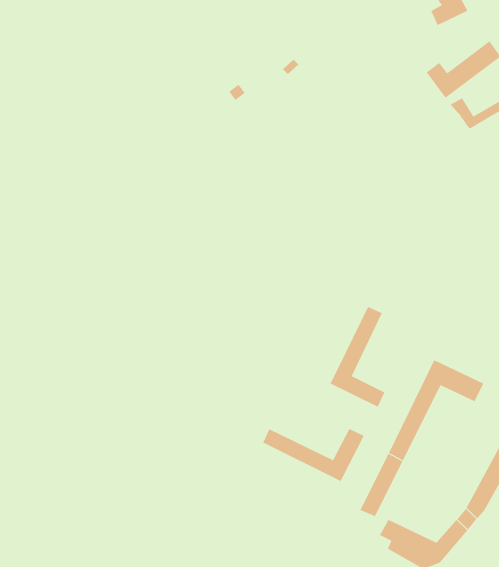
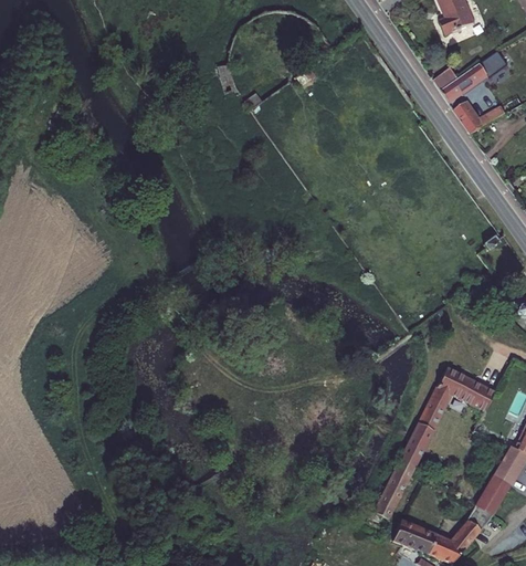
building: [330,306,385,408] -> none
building: [263,428,364,482] -> none

